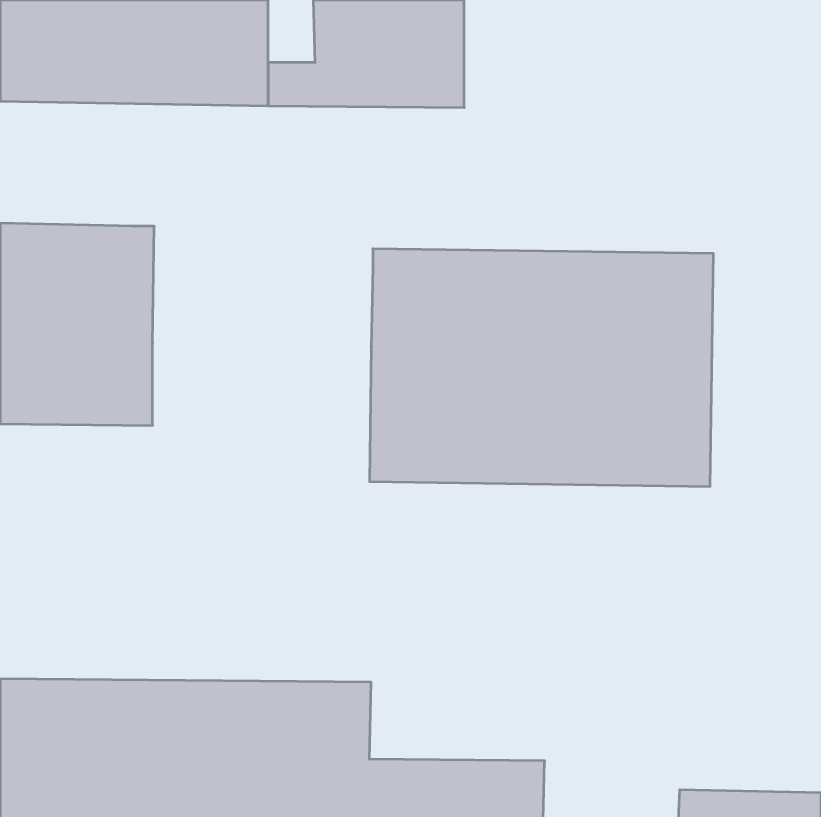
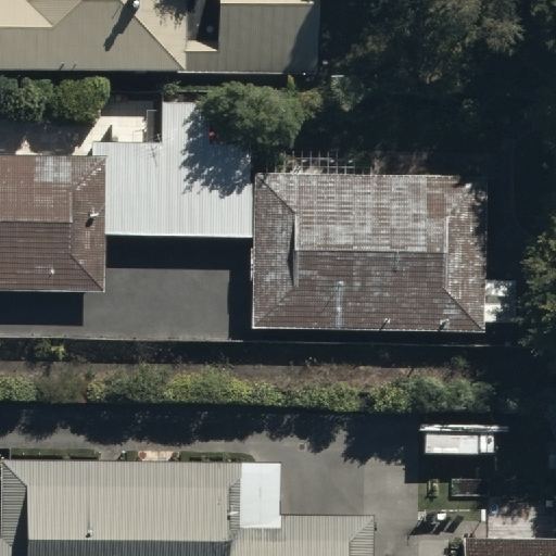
building: none -> [90,101,252,237]

